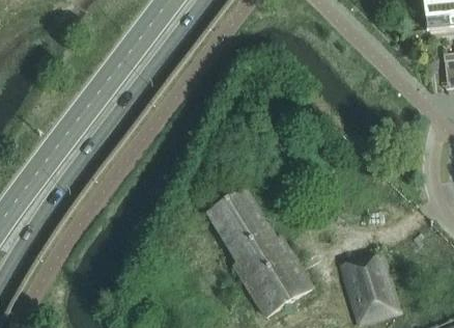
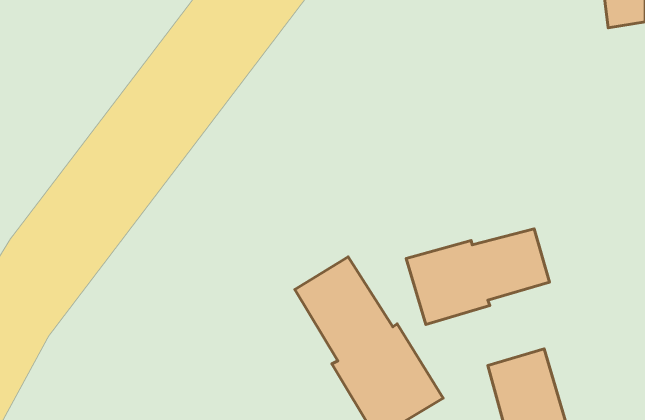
building: none -> [406,229,549,325]

